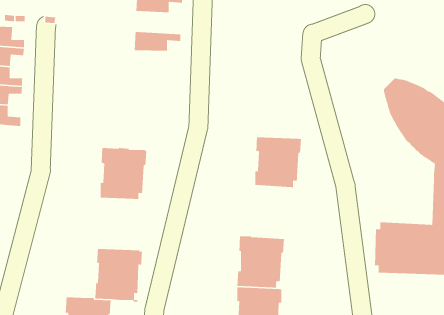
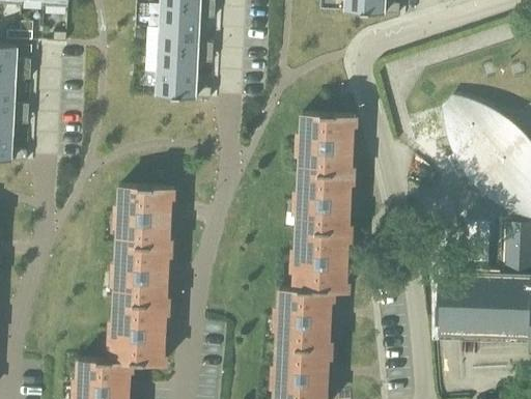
building: none -> [159,29,214,55]
building: none -> [157,75,212,101]
building: none -> [300,115,356,176]
building: none -> [295,231,350,294]
building: none -> [115,246,170,306]

